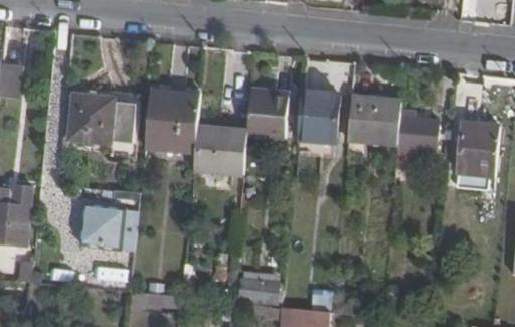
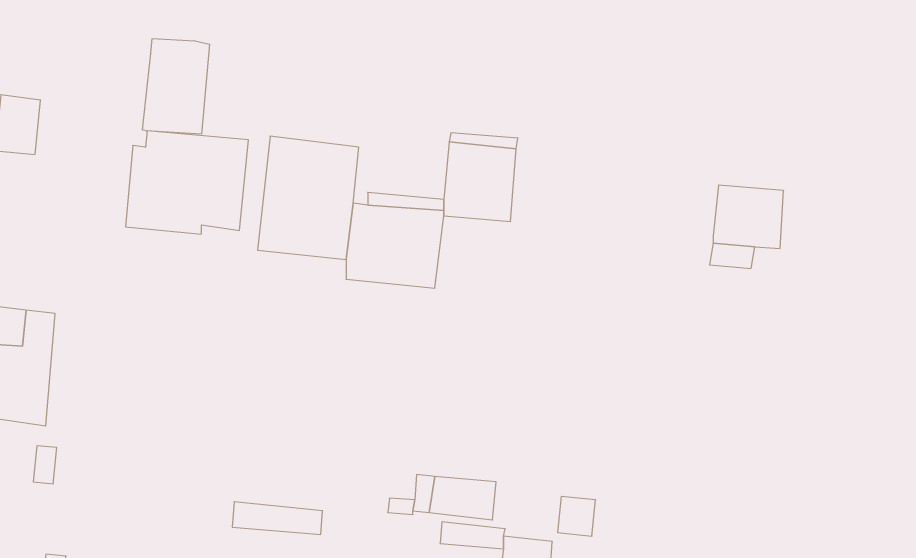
building: none -> [142,39,210,134]
building: [298,92,338,141] -> none
building: [347,97,401,145] -> none
building: [457,122,500,176] -> none
building: [79,204,139,253] -> none

